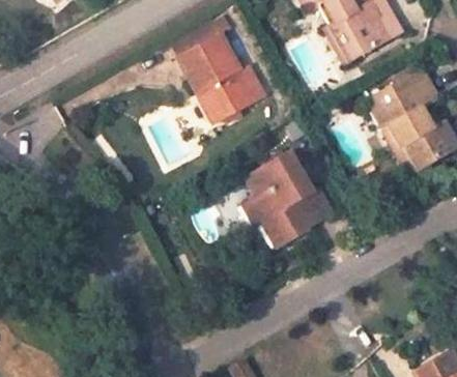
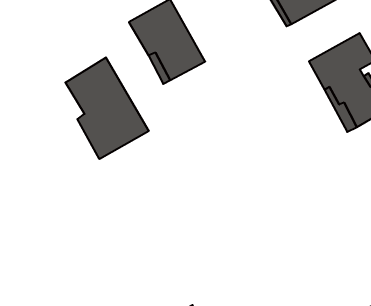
building: none -> [65,57,149,159]
building: [244,150,334,244] -> none

